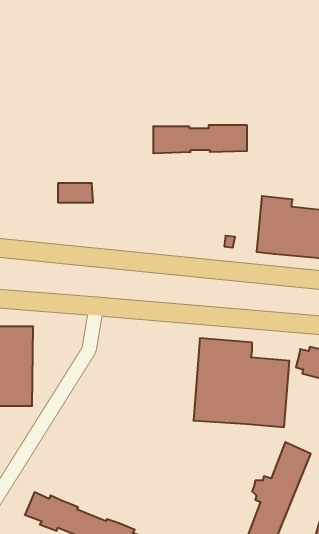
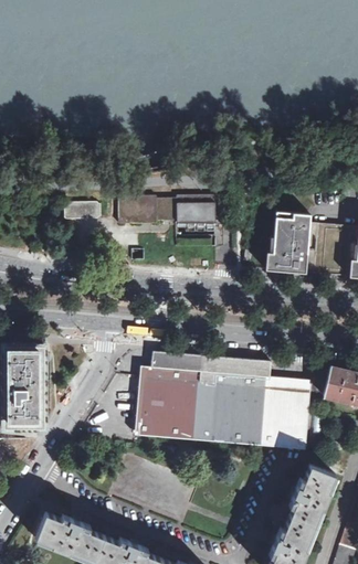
building: [153,125,247,153] -> [118,196,215,225]
building: none -> [133,353,217,443]

